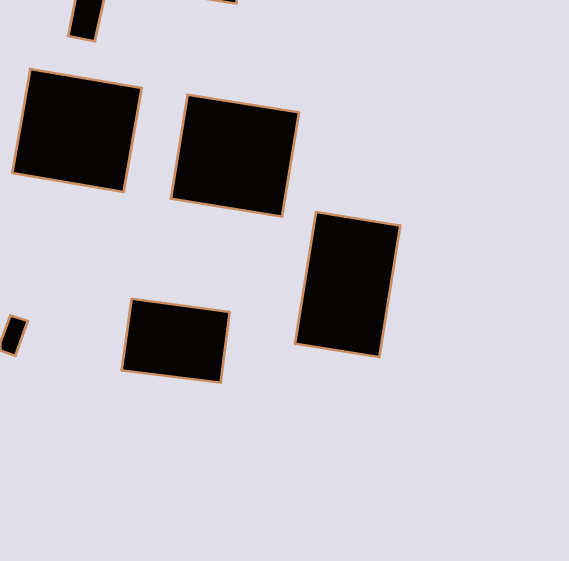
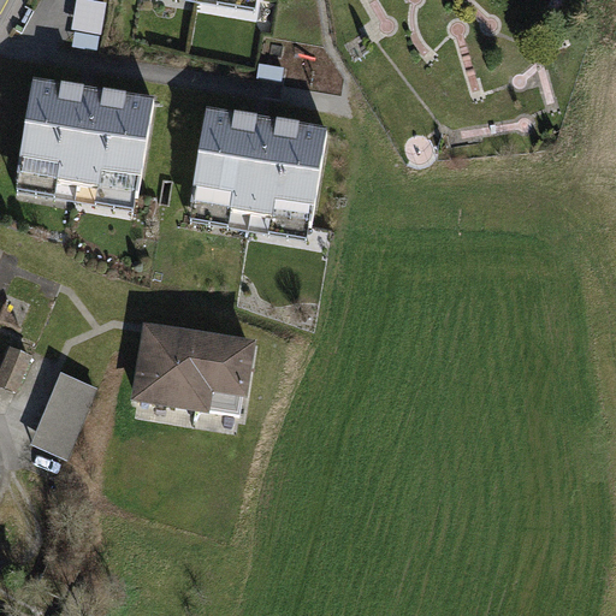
building: [295,212,400,357] -> none
building: none -> [31,371,96,455]

